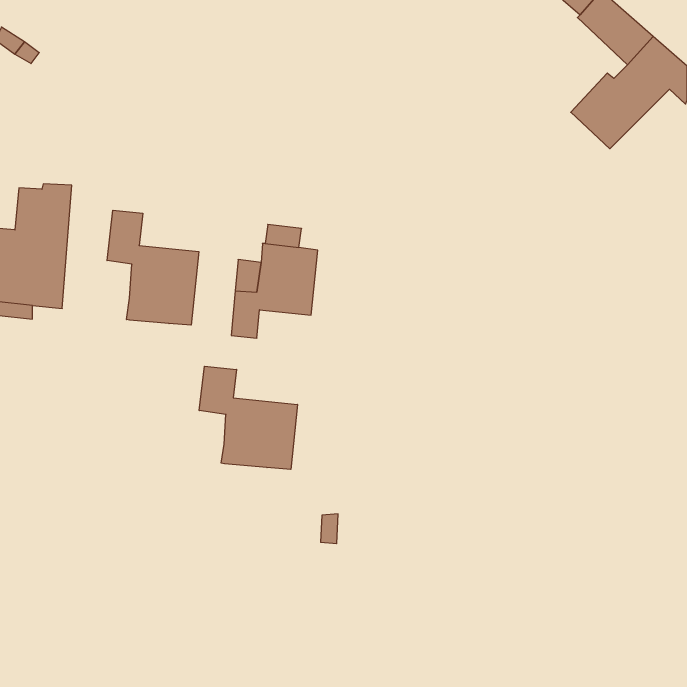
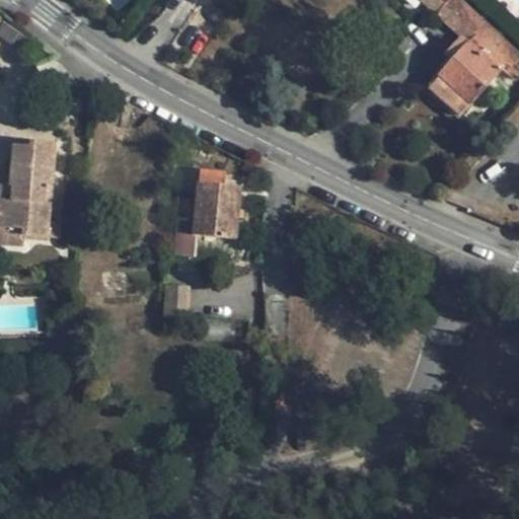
building: [107,210,199,325] -> none
building: [199,366,297,469] -> none

